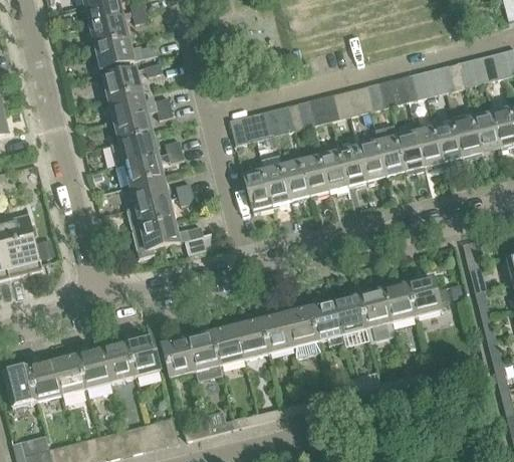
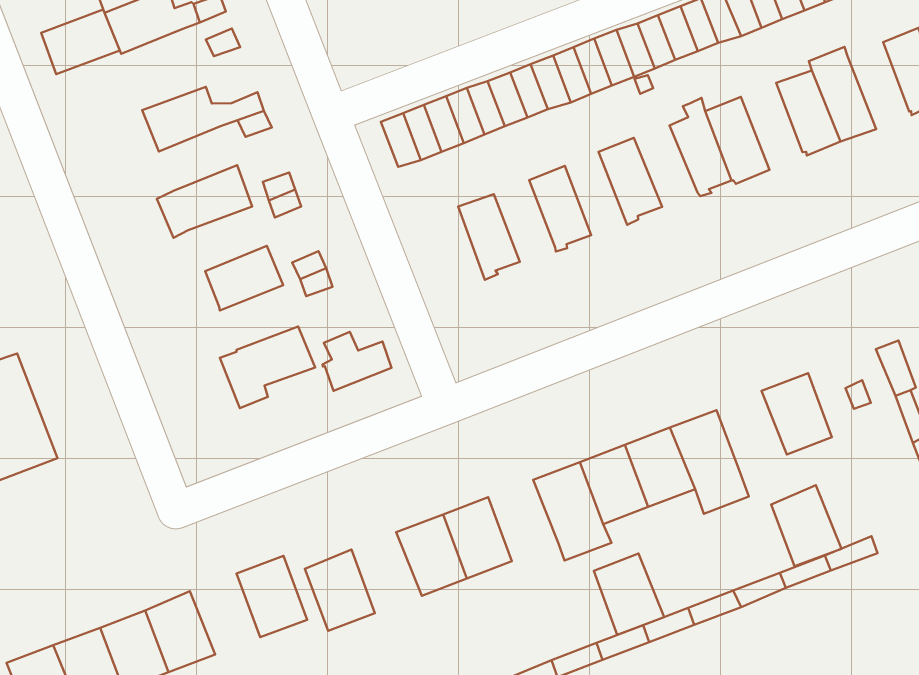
building: [103,68,143,98] -> [41,9,120,74]
building: [473,110,501,155] -> none
building: [114,111,154,142] -> none
building: [416,125,444,169] -> none
building: [358,135,388,183] -> none
building: [319,143,349,193] -> none
building: [124,155,164,185] -> none
building: [283,159,311,202] -> none
building: [244,168,273,212] -> none
building: [126,197,175,230] -> none
building: [383,281,417,321] -> [771,485,841,566]
building: [261,312,294,353] -> [594,554,664,635]
building: [188,330,223,381] -> none
building: [102,341,136,382] -> none

